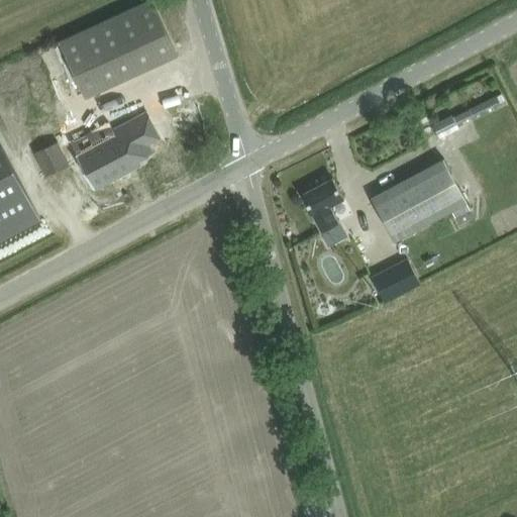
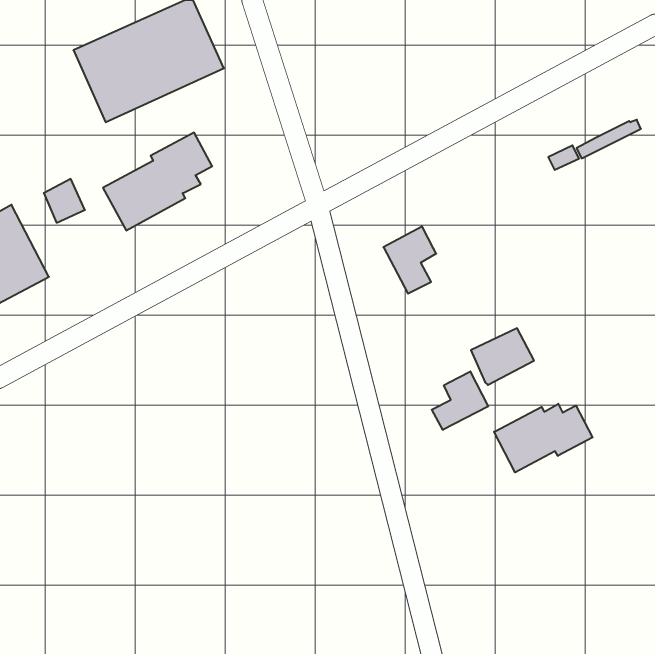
building: [370,162,466,243] -> none
building: none -> [432,371,488,430]
building: none -> [494,404,593,472]

